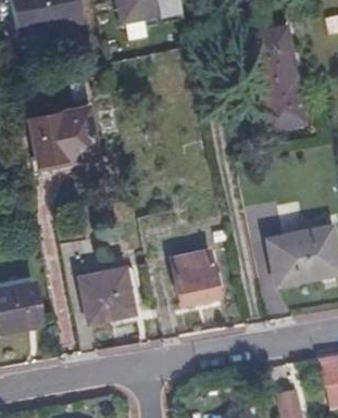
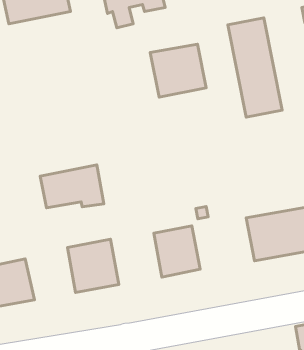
building: none -> [150,44,206,97]
building: [33,110,100,155] -> [40,165,104,208]

